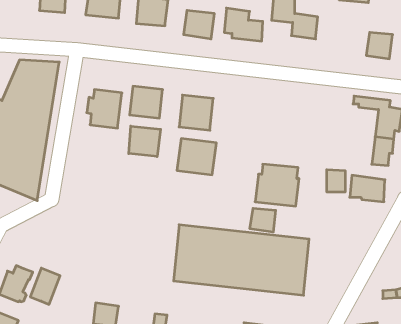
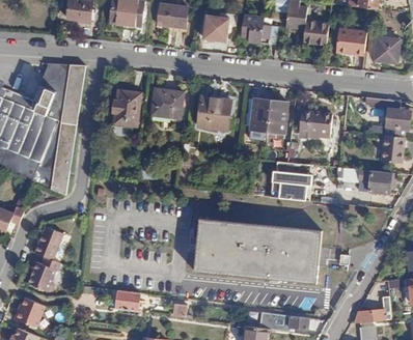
building: none -> [335,28,366,53]
building: none -> [297,110,330,133]
building: [129,126,161,157] -> none
building: [177,139,216,175] -> [248,98,285,133]
building: [250,208,276,232] -> none
building: [30,268,60,304] -> [33,225,61,259]

